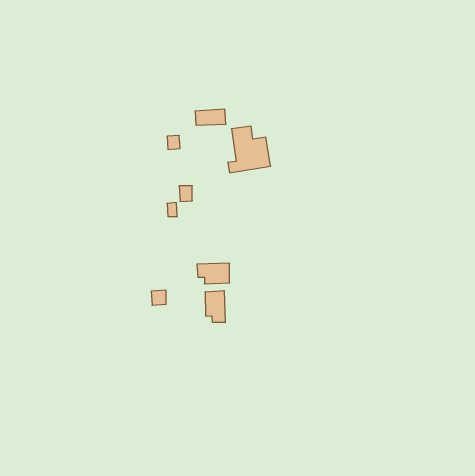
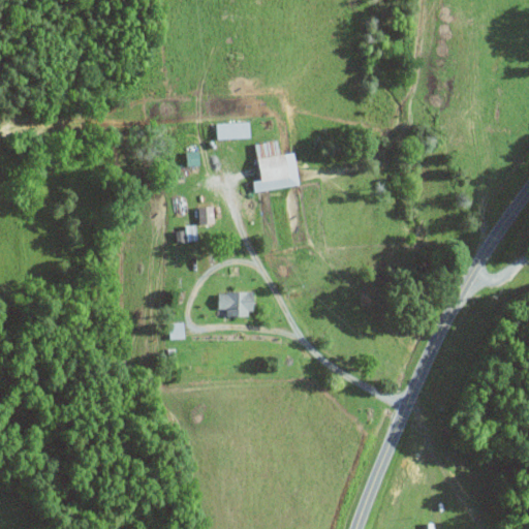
building: [205,291,225,323] -> none

